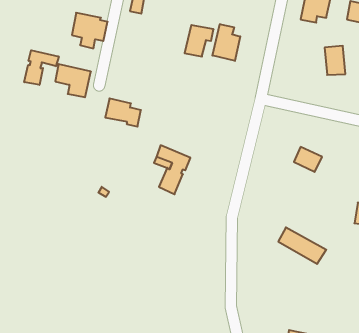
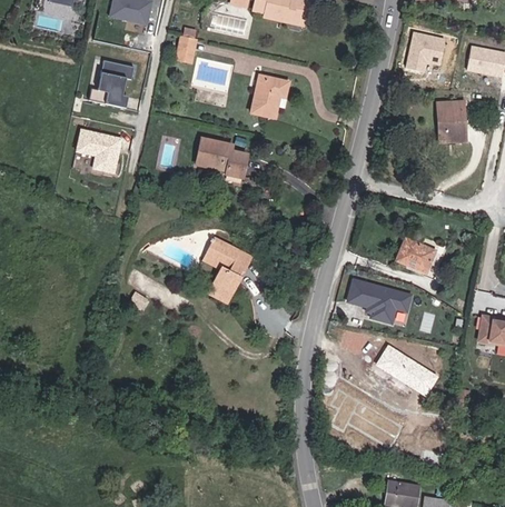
building: [212,24,240,61] -> none
building: [24,50,59,85] -> none
building: [105,98,141,127] -> [195,137,242,175]
building: none -> [348,278,414,324]

